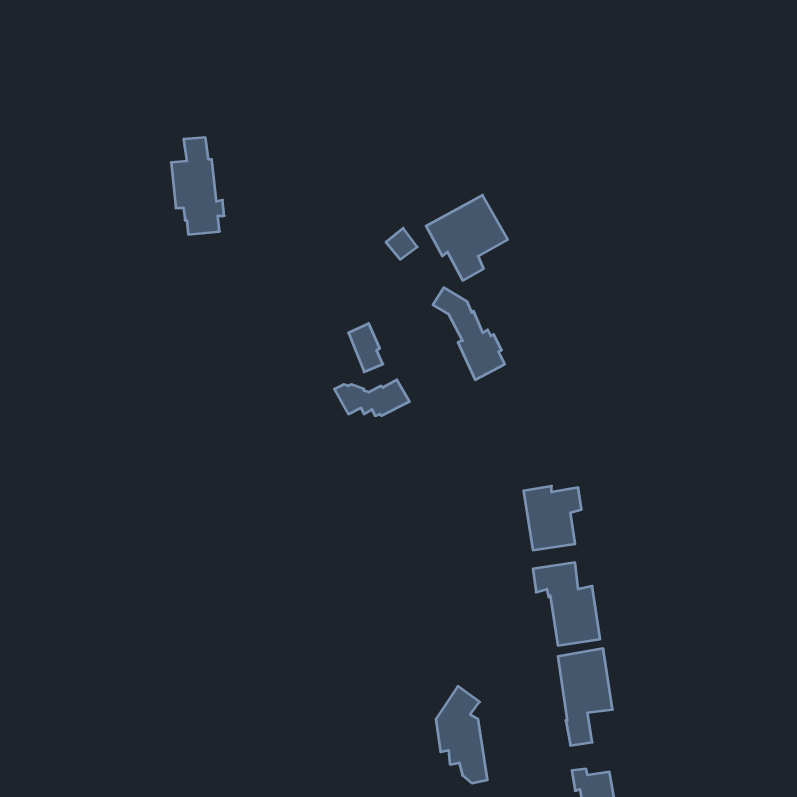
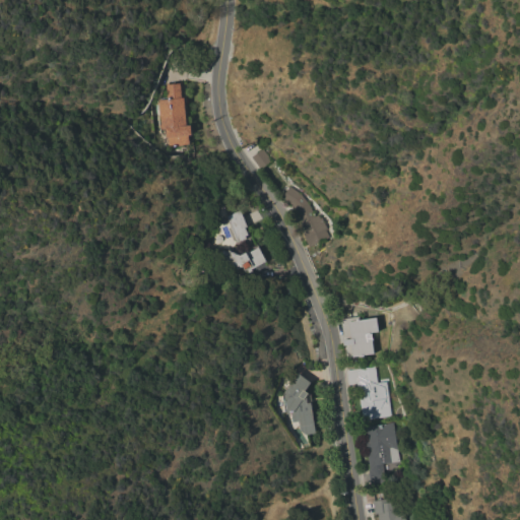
building: [171,138,224,234] -> [157,84,192,147]
building: [426,195,508,280] -> none
building: [436,686,487,783] -> [283,373,317,436]

